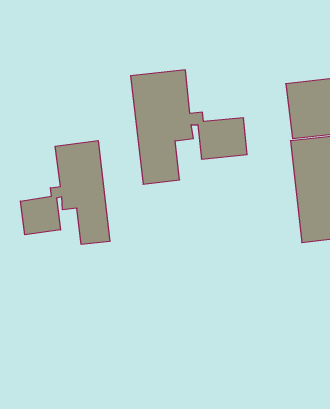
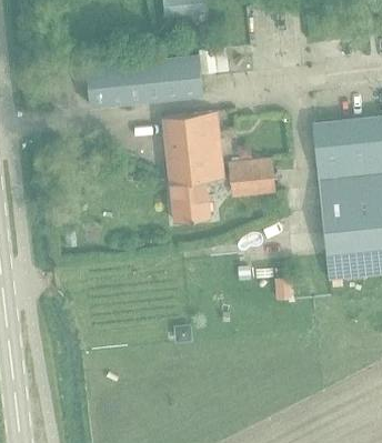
building: none -> [86,56,202,107]
building: [20,141,110,244] -> none

